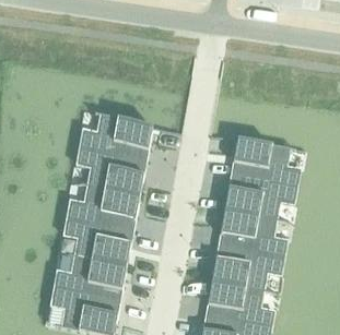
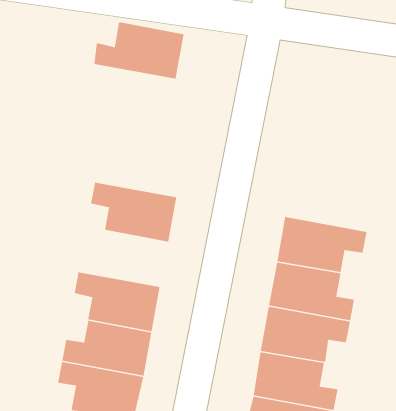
building: [81,111,153,157] -> [93,22,184,80]
building: [232,136,301,184] -> none
building: [68,183,140,228] -> none

